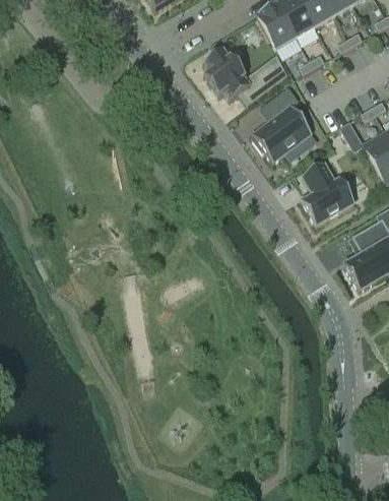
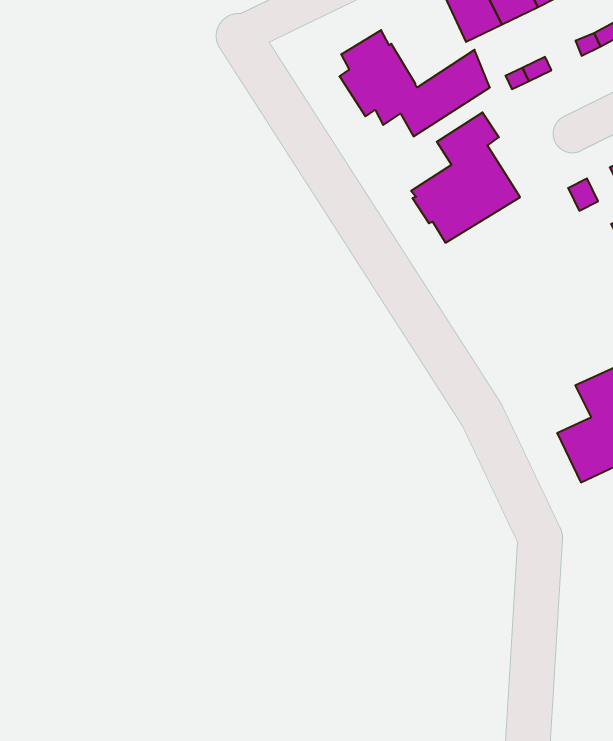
building: [302,162,354,224] -> none

